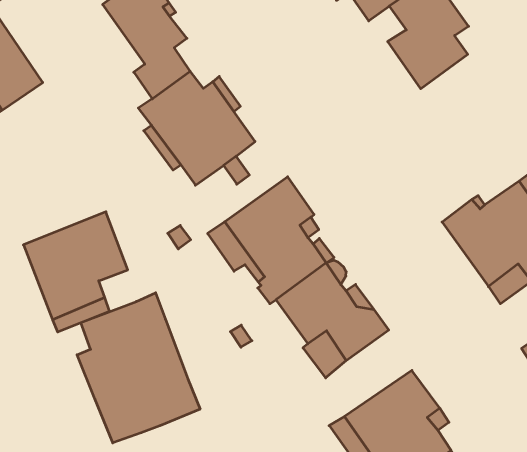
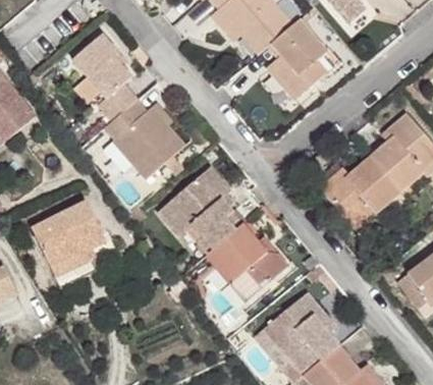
building: [77,293,200,443] -> none

